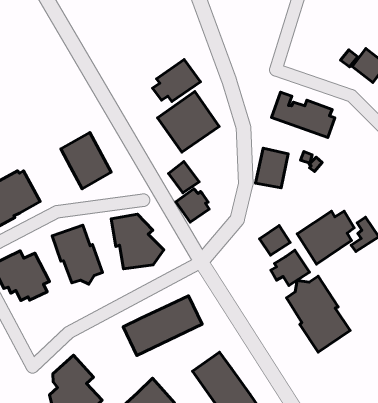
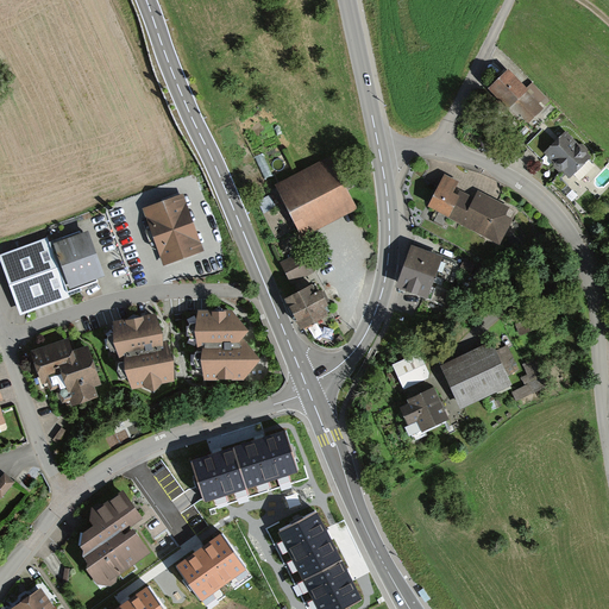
building: none -> [488,71,545,121]
building: [153,59,200,102] -> none
building: [286,276,350,352] -> none

